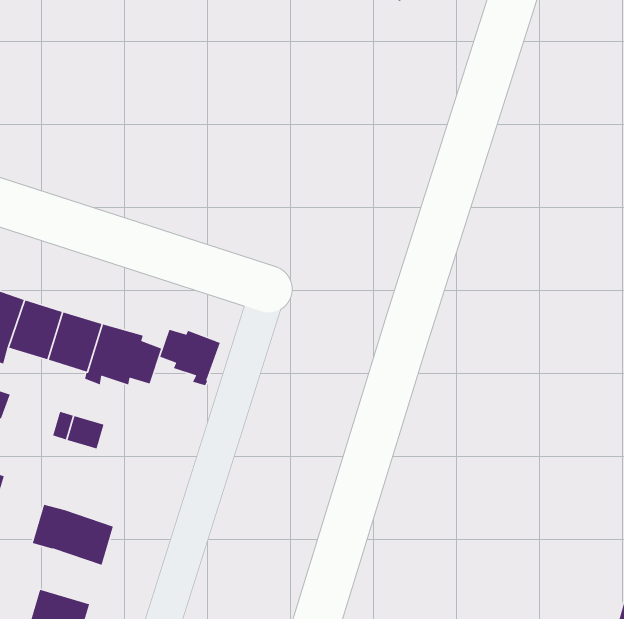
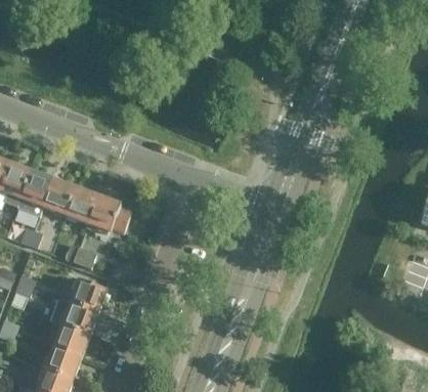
building: [159,329,221,386] -> none
building: none -> [70,279,105,313]
building: none -> [52,324,89,357]

